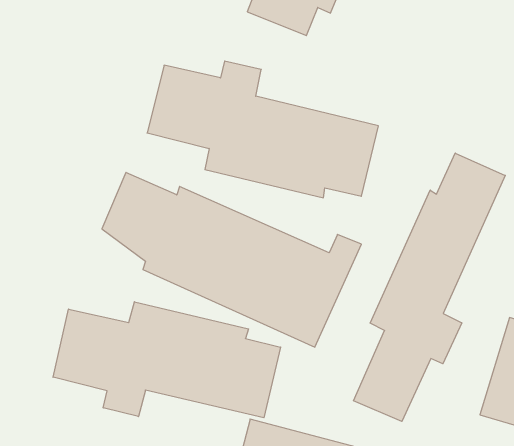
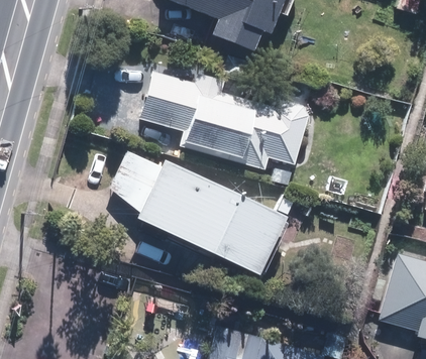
building: [354,153,505,421] -> none
building: [53,302,281,418] -> none

